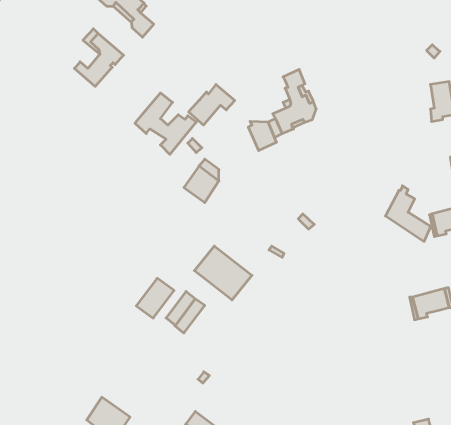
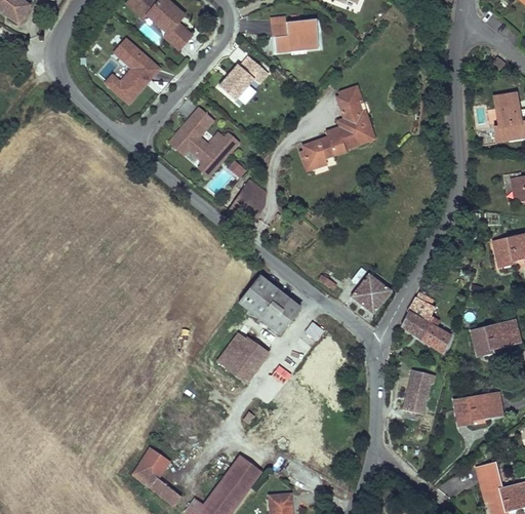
building: none -> [275,17,321,53]
building: [189,84,235,125] -> [220,56,271,101]
building: [385,186,431,241] -> [401,292,450,353]
building: none -> [351,274,391,314]
building: [136,278,174,318] -> [227,341,268,384]
building: none -> [403,370,434,414]
building: none -> [456,395,497,425]

